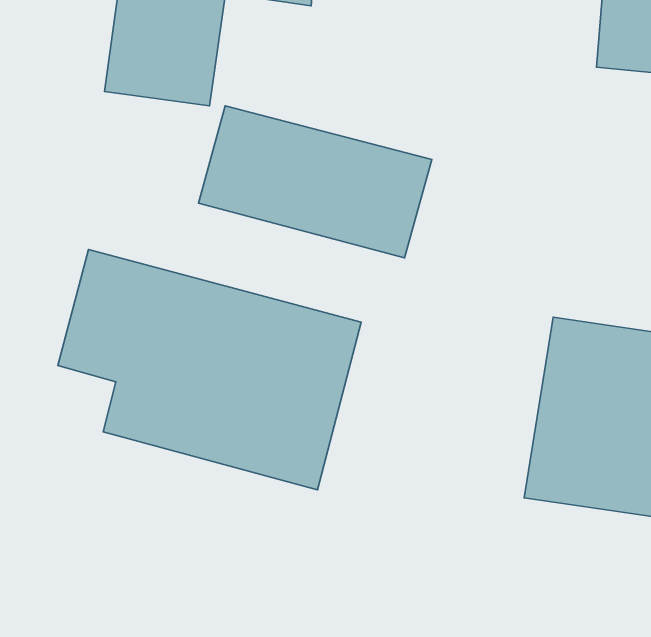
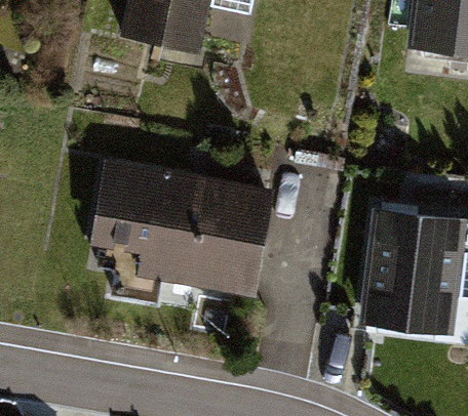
building: [199,106,432,258] -> none

